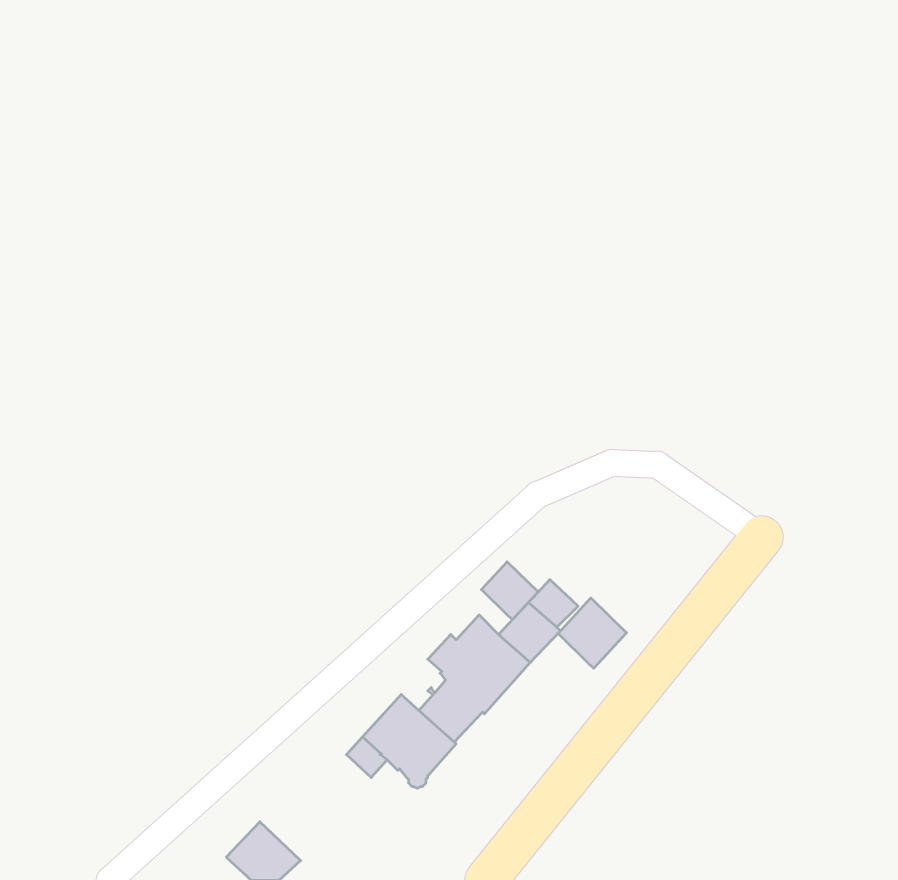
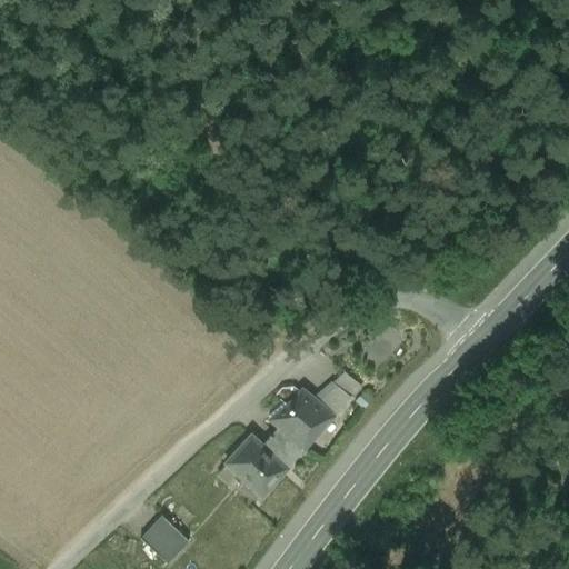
building: [481,562,538,620] -> none
building: [558,598,627,668] -> none

